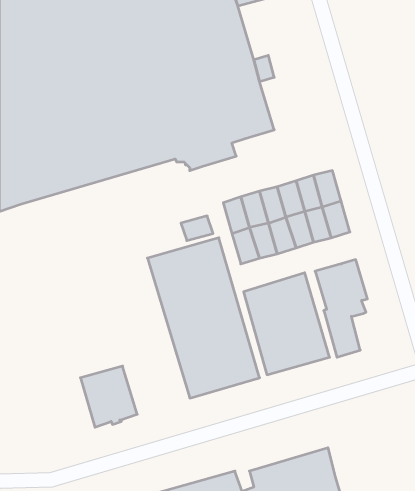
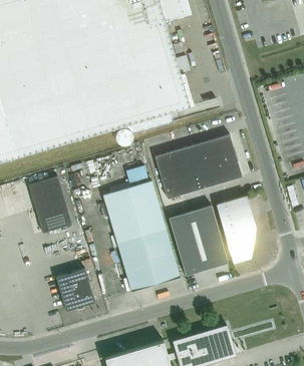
building: none -> [28,175,72,233]

